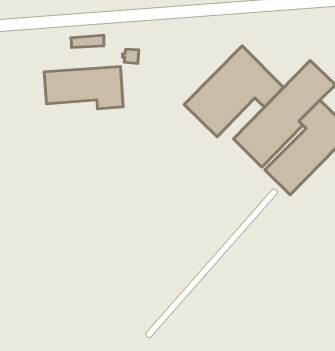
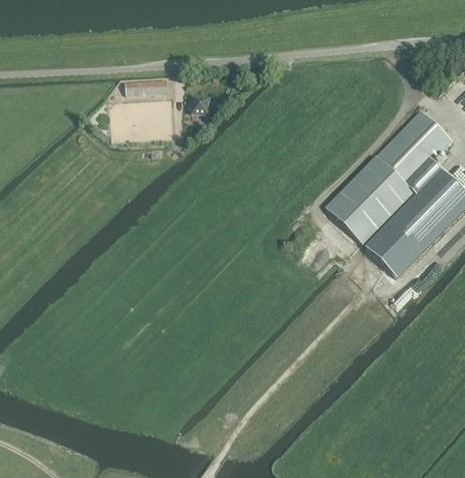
building: [184,46,284,137] -> none
building: [44,66,123,109] -> none

